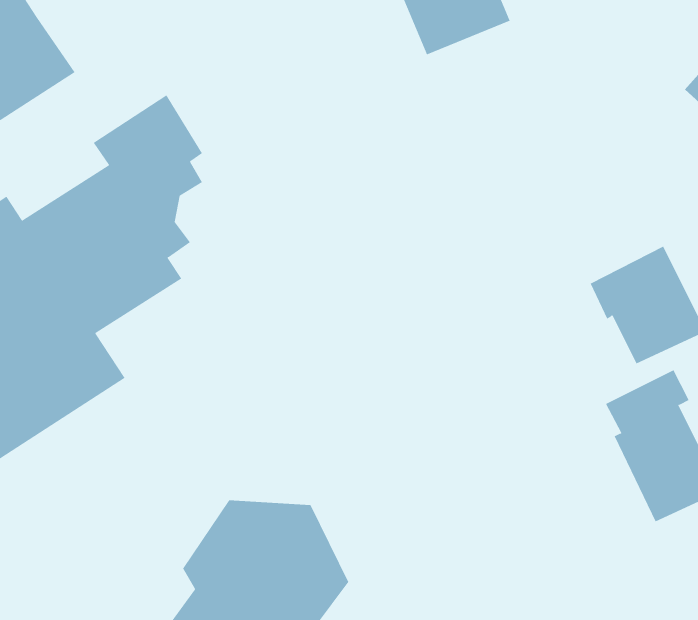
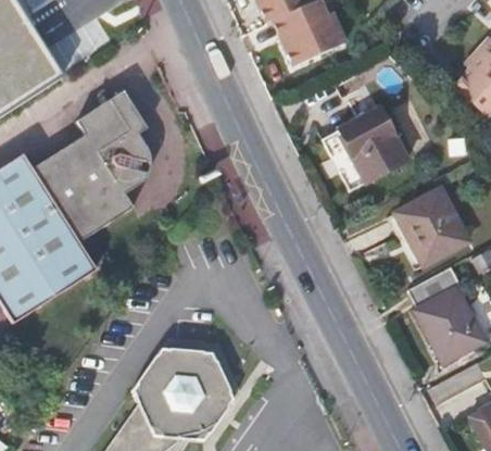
building: none -> [319,105,403,186]

